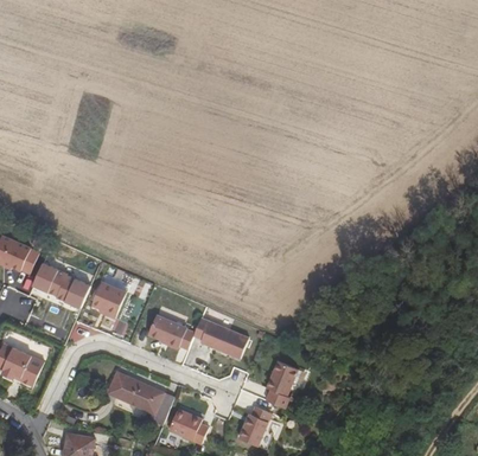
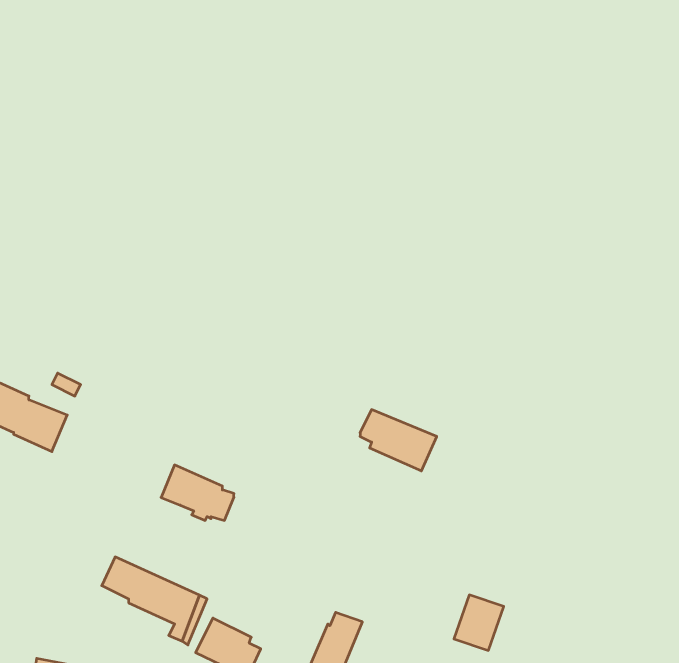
building: [89,282,123,319] -> none
building: [191,319,238,357] -> [360,410,437,471]
building: [266,361,297,396] -> [454,595,504,650]

